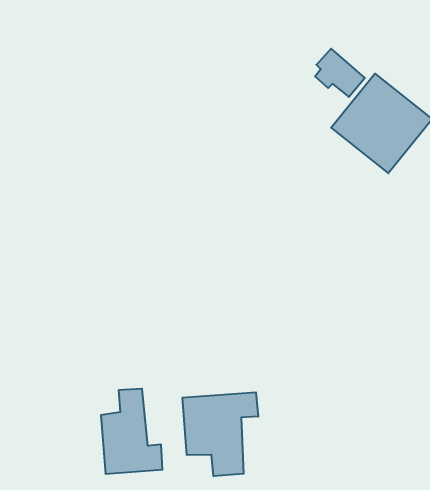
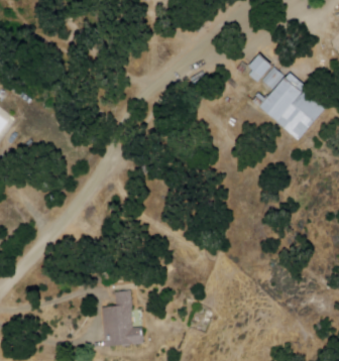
building: [183,392,258,476] -> none

